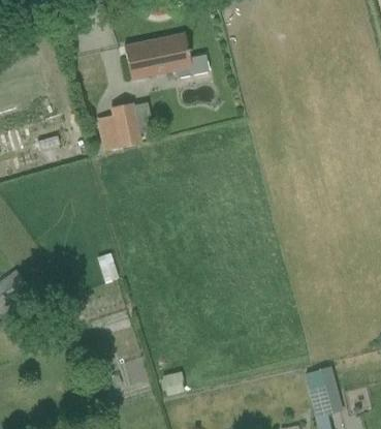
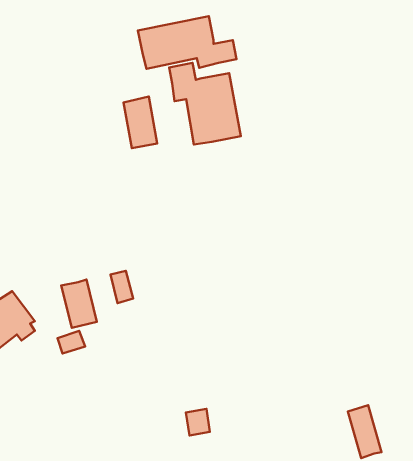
building: none -> [169,63,241,144]
building: none -> [61,279,97,328]

